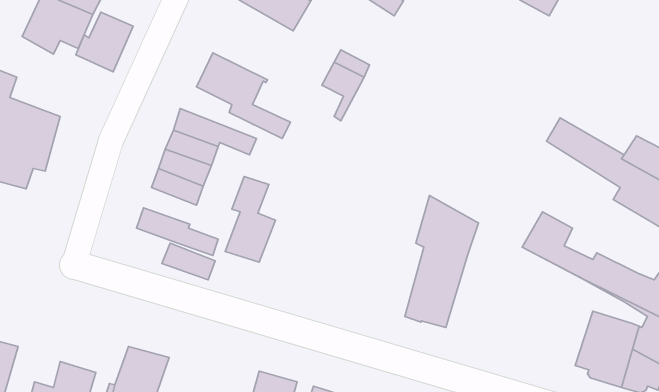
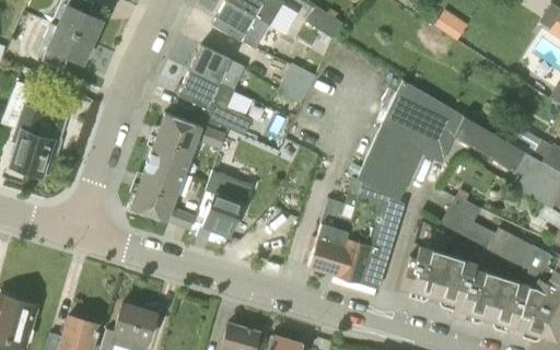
building: [76,12,133,72] -> none
building: none -> [192,45,246,89]
building: none -> [362,82,457,202]
building: none -> [308,198,362,279]
building: [162,243,215,280] -> [137,175,179,205]
building: none -> [402,245,498,323]

